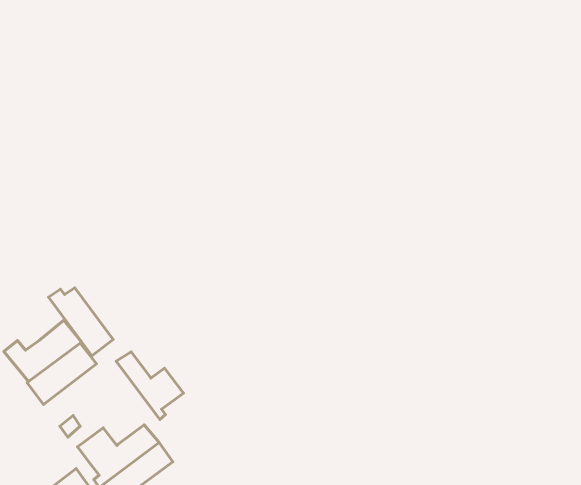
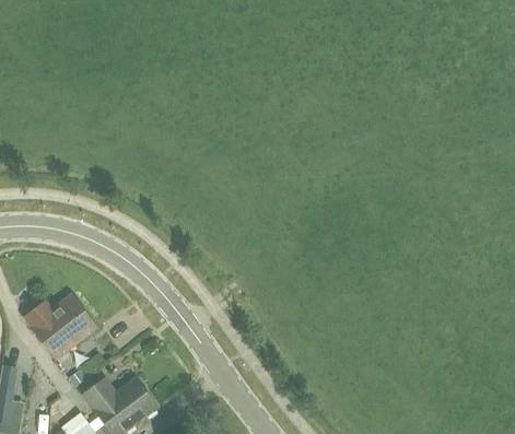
building: [48,288,113,356] -> none
building: [116,352,183,419] -> none

